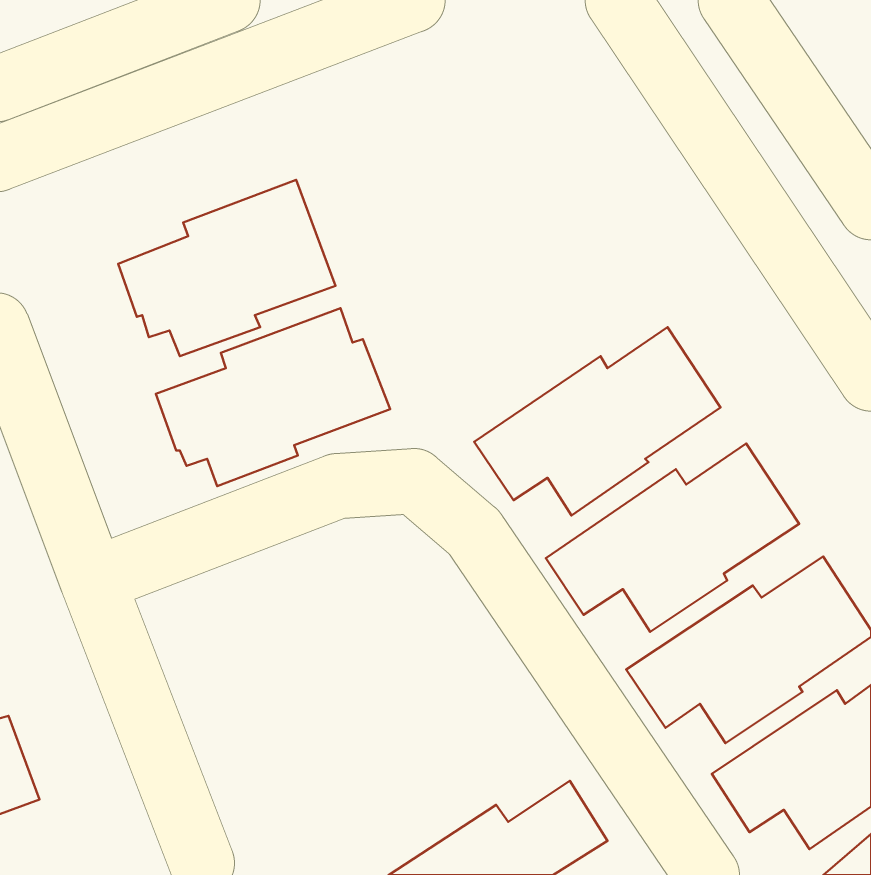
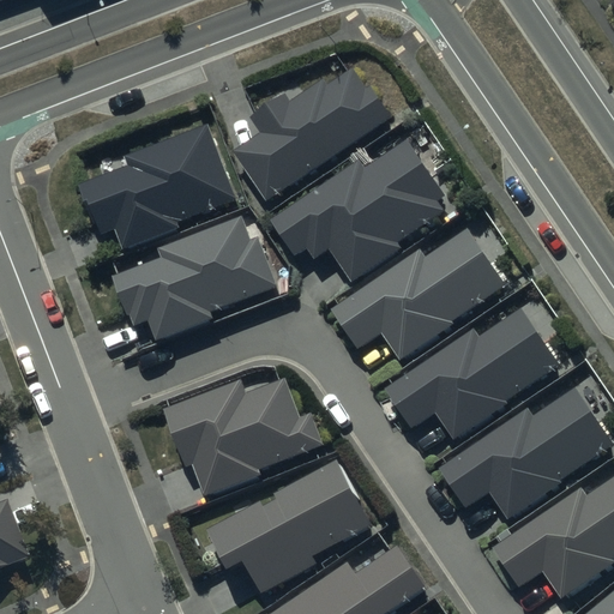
building: none -> [234,68,392,201]
building: none -> [271,142,445,282]
building: none -> [161,379,320,496]
building: none -> [209,460,373,595]

